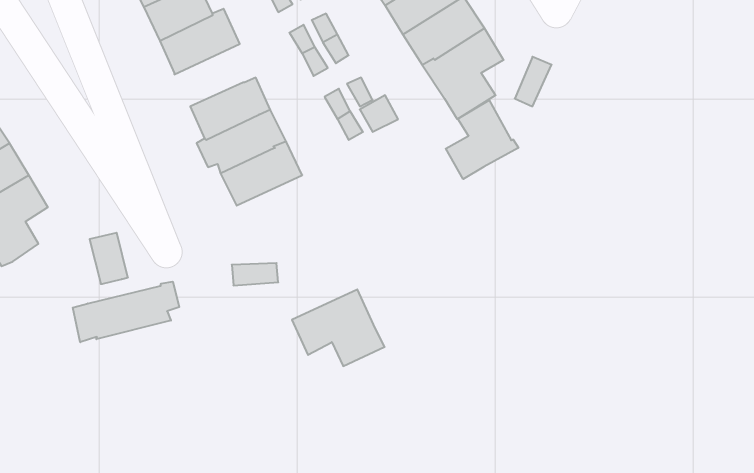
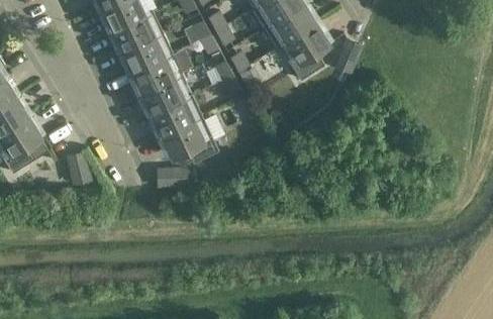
building: none -> [117,33,172,73]
building: [446,100,518,179] -> none
building: [73,282,179,342] -> none
building: [292,289,385,366] -> [160,116,218,165]

